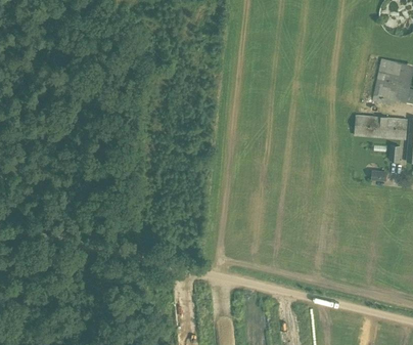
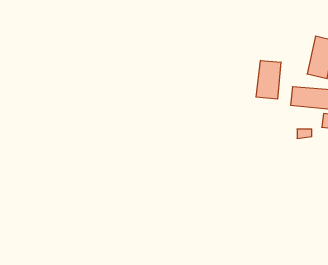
building: none -> [256,60,281,99]

